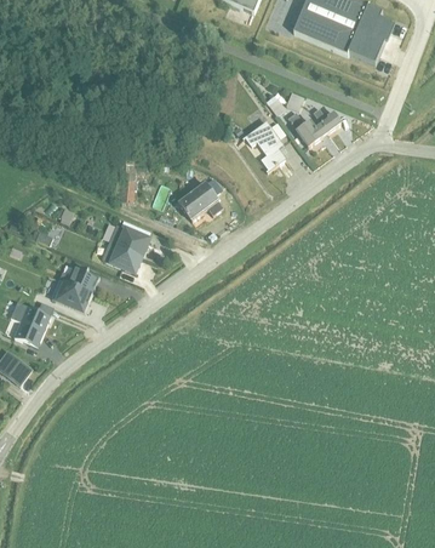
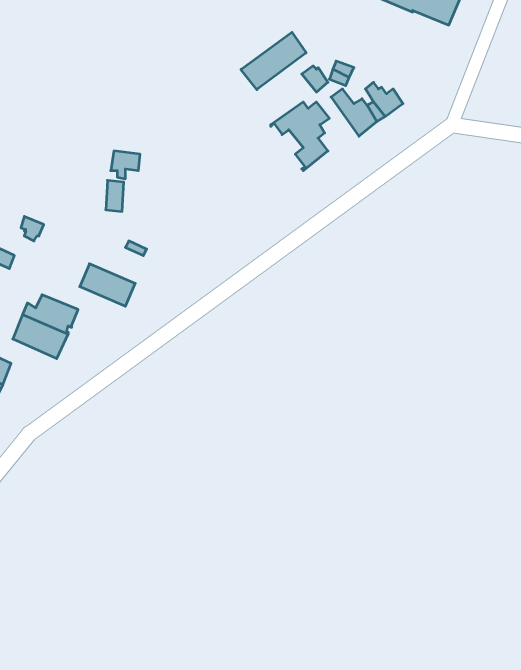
building: none -> [241,32,306,90]
building: [177,177,223,221] -> none
building: [108,224,148,256] -> none

